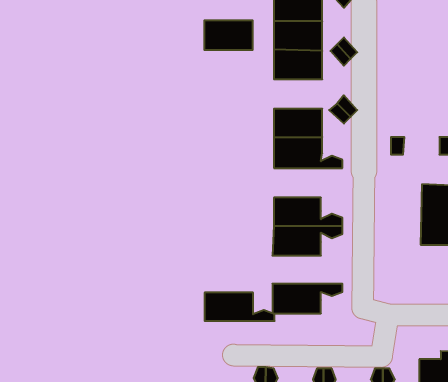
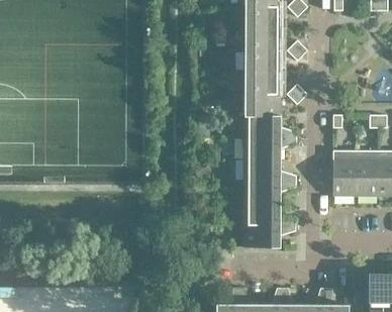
building: [204,20,253,50] -> [244,71,281,93]
building: none -> [244,137,296,160]
building: none -> [332,149,356,195]
building: [205,293,275,321] -> [243,203,296,224]

